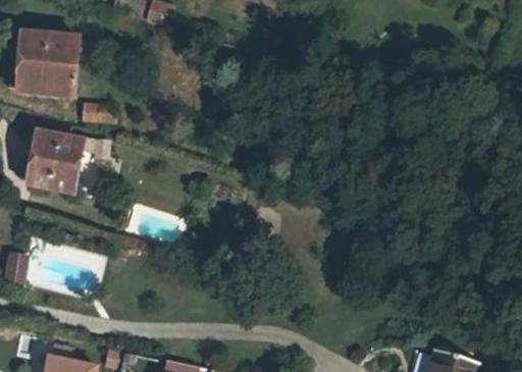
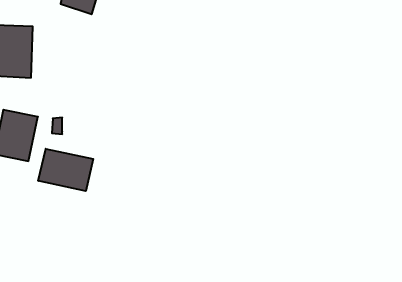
building: none -> [38,149,93,191]

